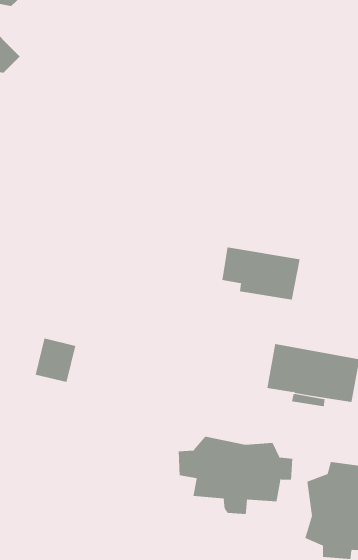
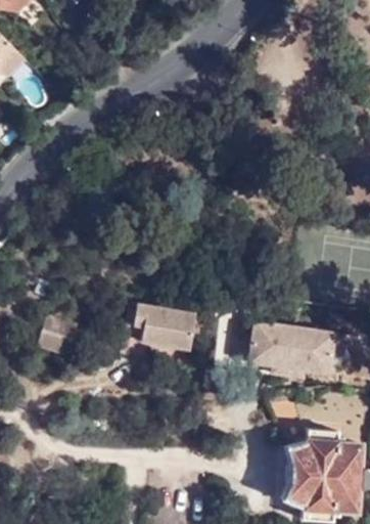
building: [221,247,300,300] -> [125,300,197,349]
building: [178,436,293,515] -> none

